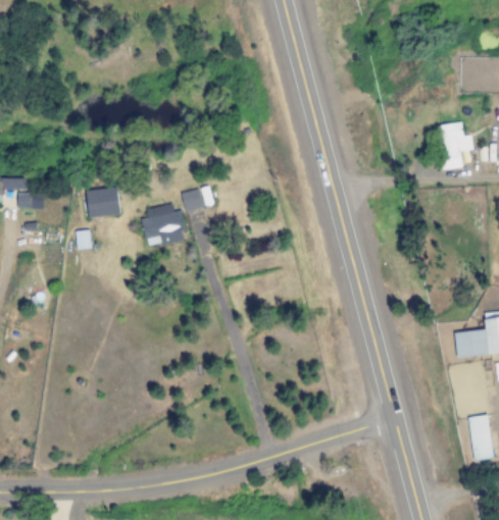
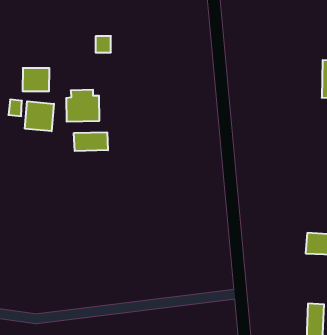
building: [182,189,203,211] -> [96,36,111,53]
building: none -> [25,101,54,131]
building: none -> [74,132,108,151]

